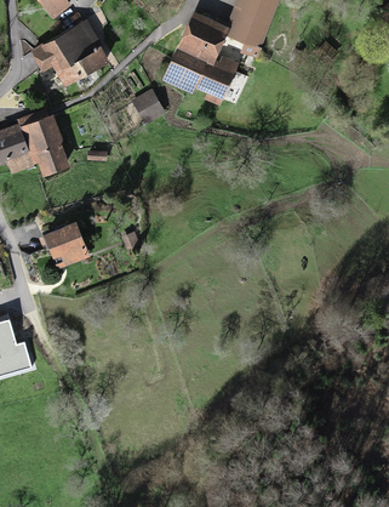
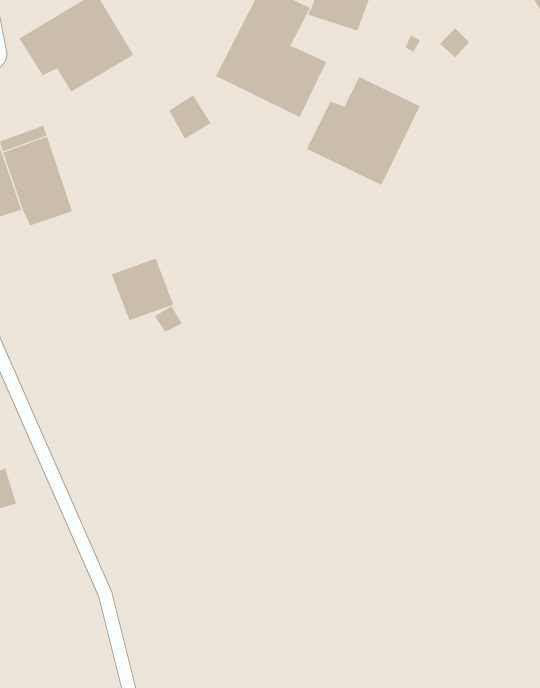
building: none -> [306,76,420,186]
building: [45,224,87,267] -> [111,258,174,321]

